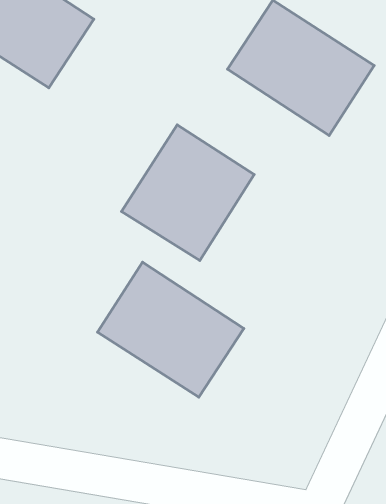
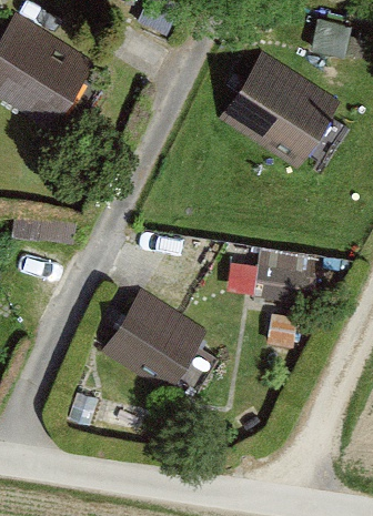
building: [122,125,254,260] -> none

